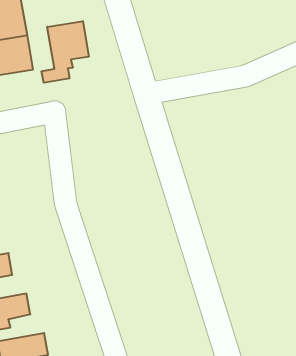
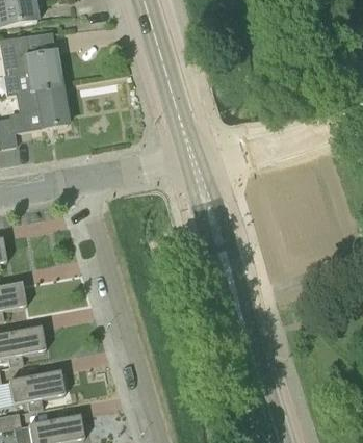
building: [42,21,89,83] -> none

